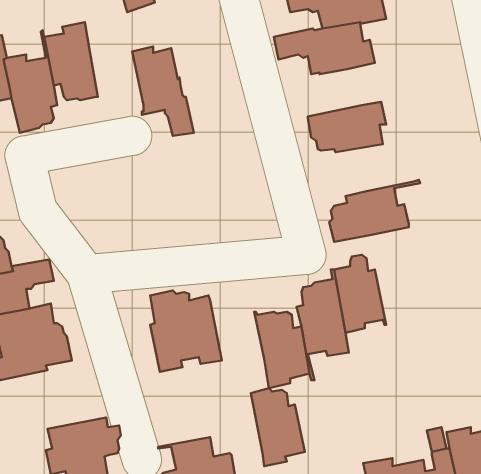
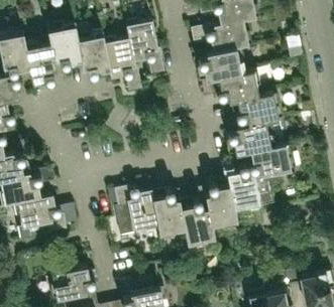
building: none -> [124,17,163,73]
building: none -> [77,28,110,76]
building: none -> [197,48,245,82]
building: none -> [221,91,279,124]
building: none -> [248,142,295,206]
building: [251,388,305,466] -> [151,188,185,237]

